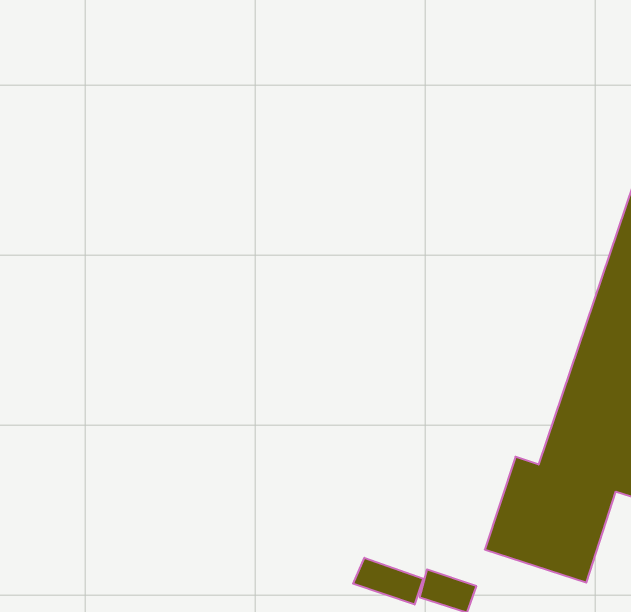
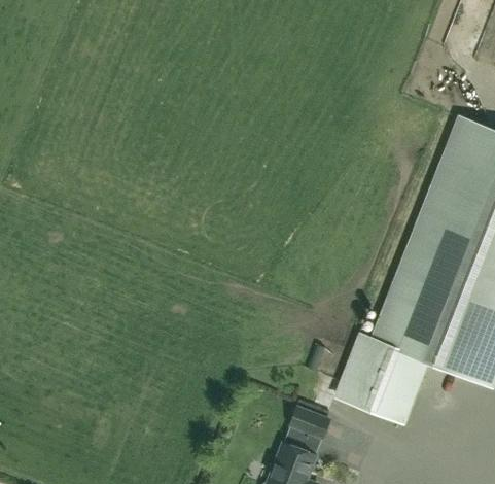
building: [353,558,423,605] -> none

